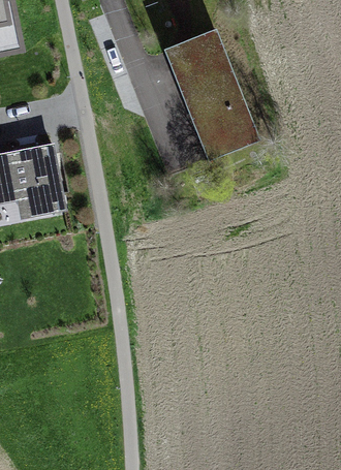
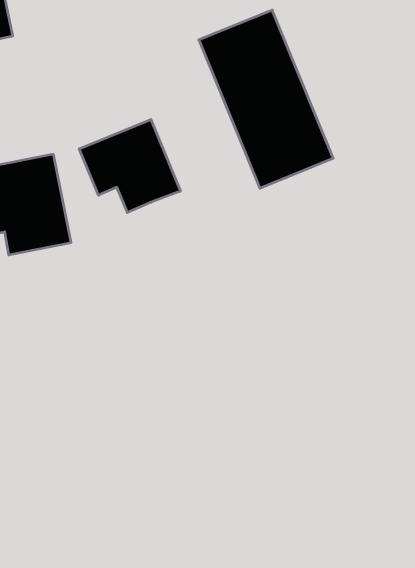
building: none -> [79,119,180,213]

